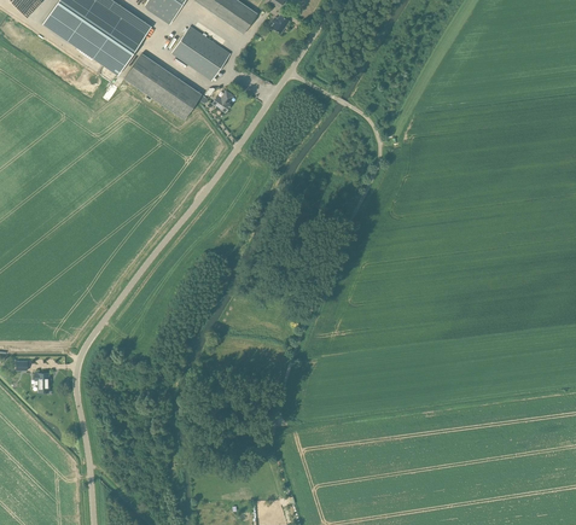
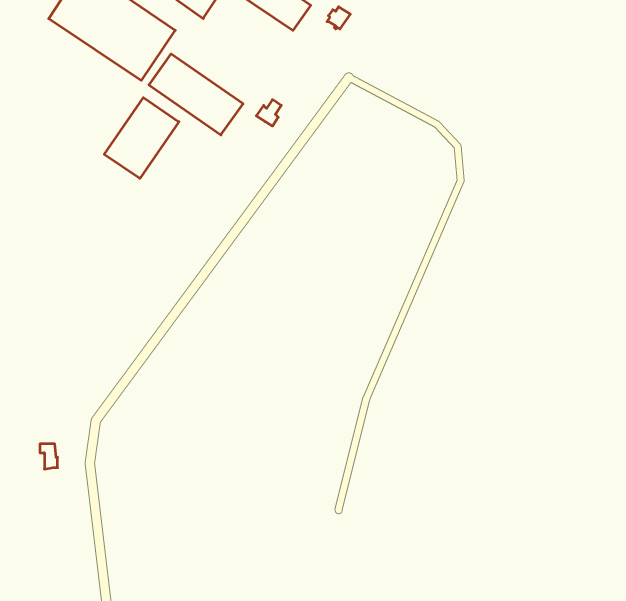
building: [171,25,229,80] -> none
building: none -> [104,98,179,178]

